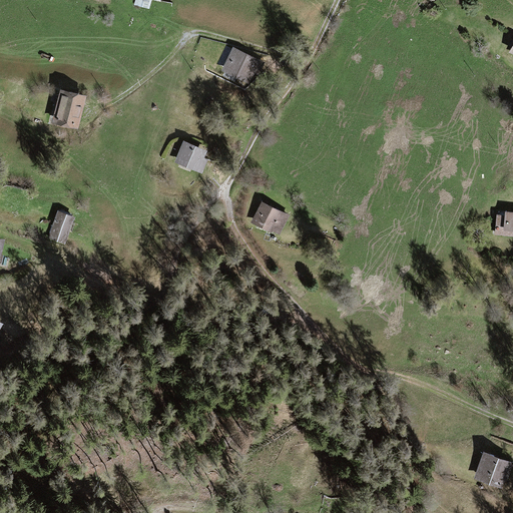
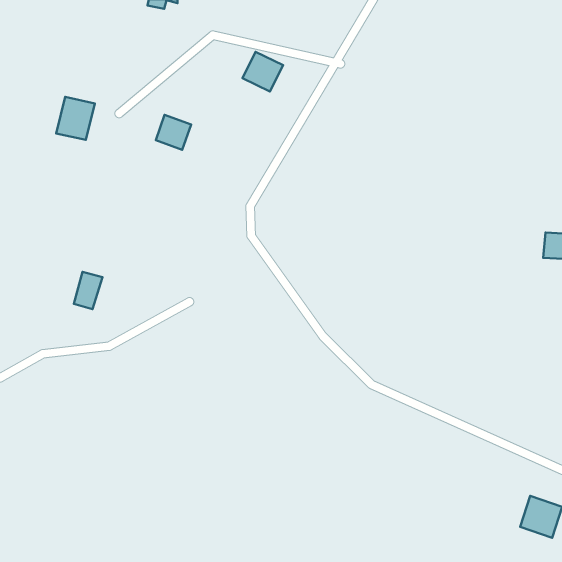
building: [175,140,207,172] -> [156,115,191,150]
building: [251,200,289,234] -> none
building: [49,209,75,243] -> [74,272,102,309]

